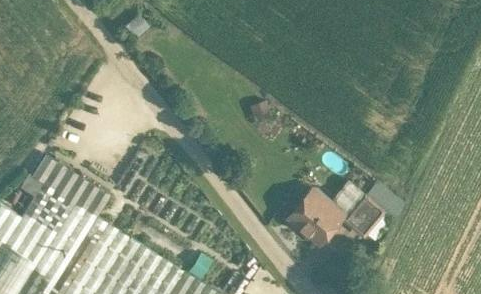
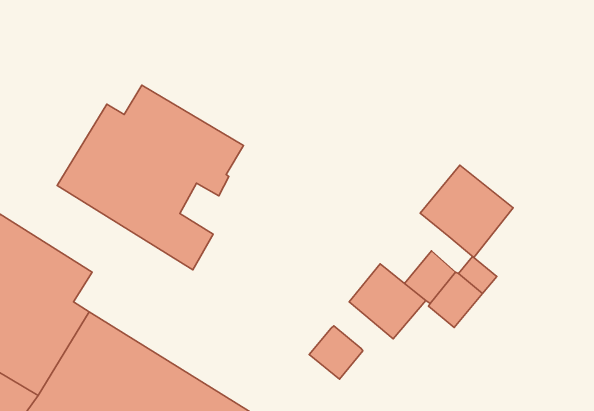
building: none -> [57,85,244,270]
building: none -> [420,165,513,257]
building: none -> [309,326,363,379]

